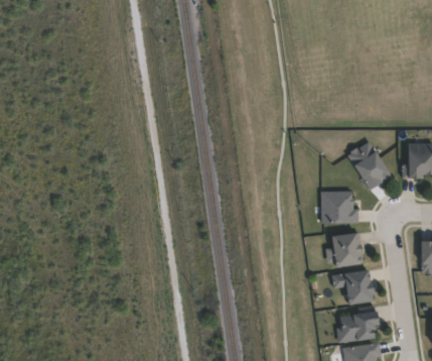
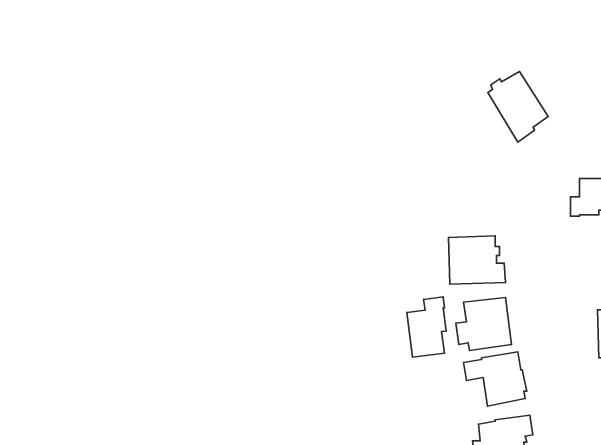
building: [348,141,389,189] -> [488,71,548,142]
building: none -> [407,297,446,357]

